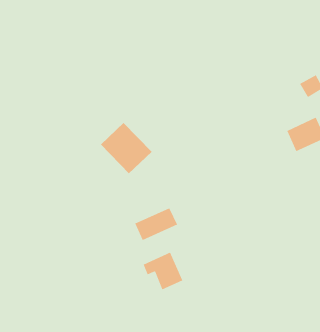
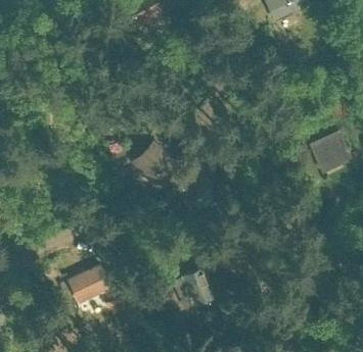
building: [134,208,178,241] -> none
building: none -> [65,264,109,303]

